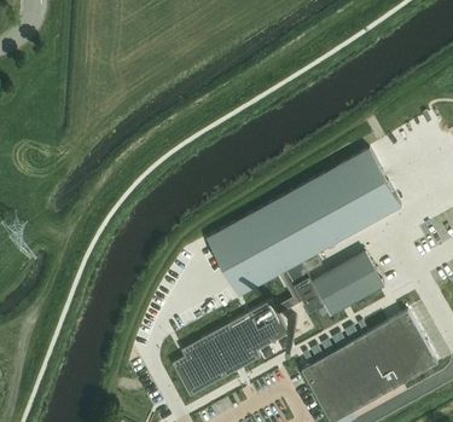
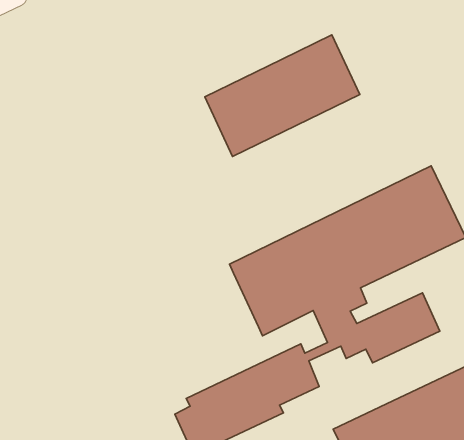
building: none -> [205,35,360,156]

